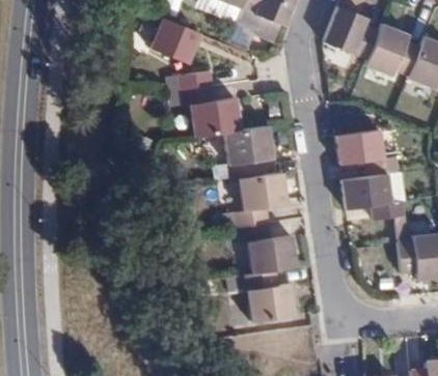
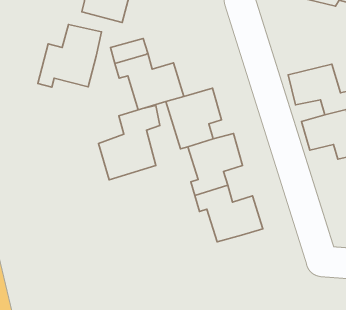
building: none -> [38,24,101,87]
building: none -> [98,106,160,180]
building: [241,276,292,327] -> none

